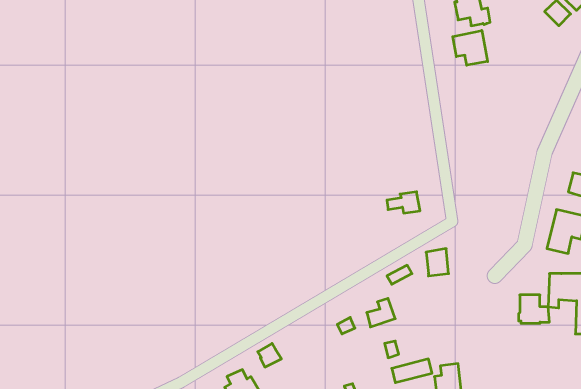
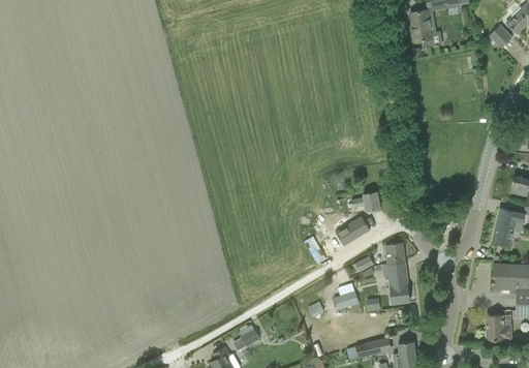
building: [453,30,488,65] -> none
building: none -> [338,217,371,247]
building: none -> [383,264,409,304]
building: [519,295,549,323] -> [485,315,511,340]

